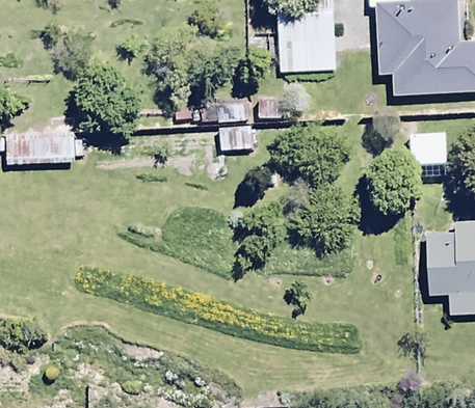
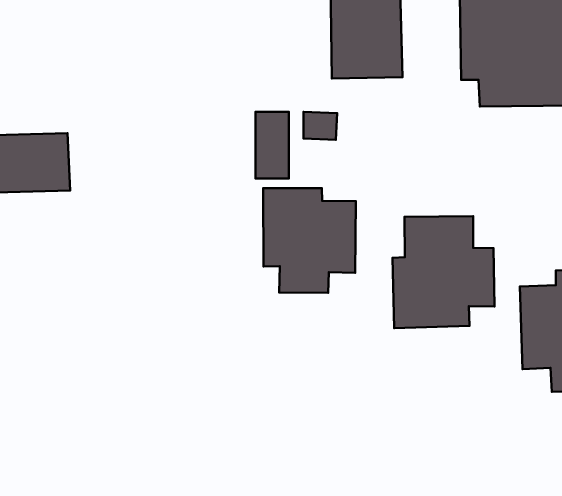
building: none -> [263,188,356,293]
building: none -> [393,216,494,328]

